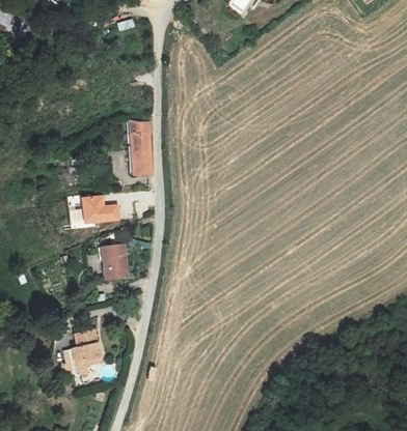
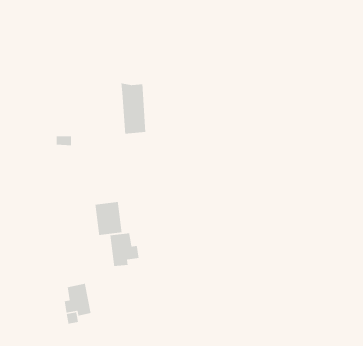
building: [82,196,117,223] -> none
building: none -> [110,233,140,267]

